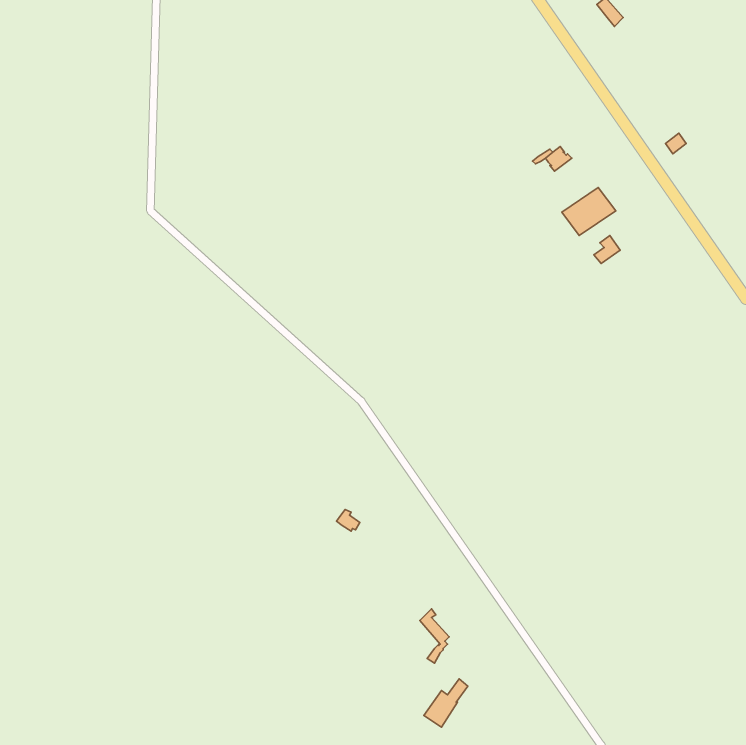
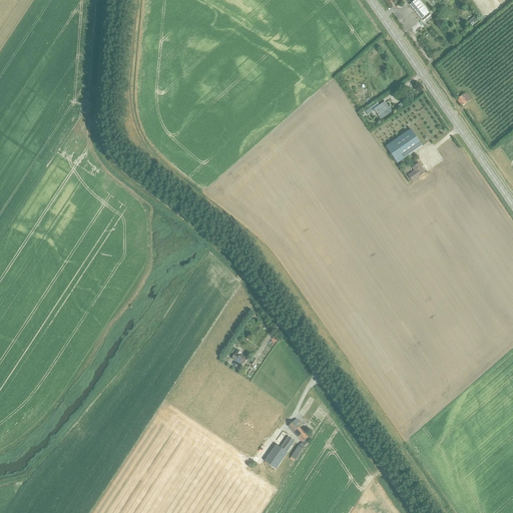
building: [424,679,468,727] -> [264,435,294,468]

